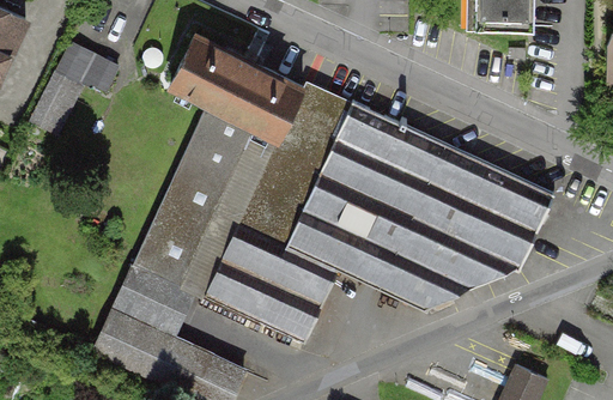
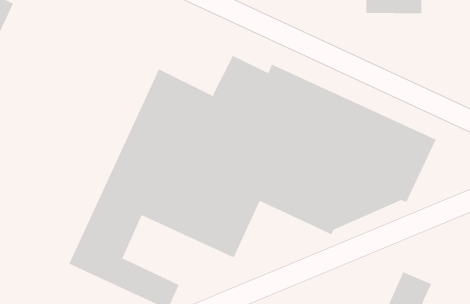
building: [170,34,301,135] -> none
building: [31,42,117,132] -> none

